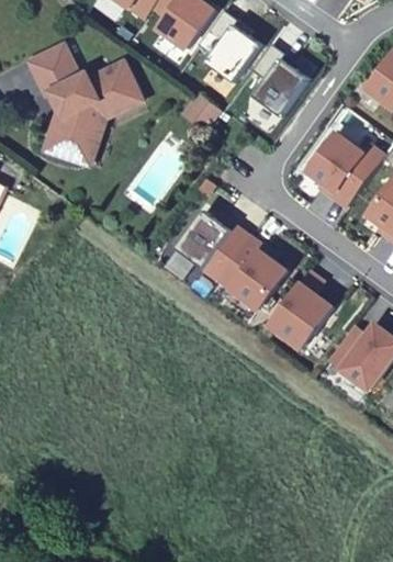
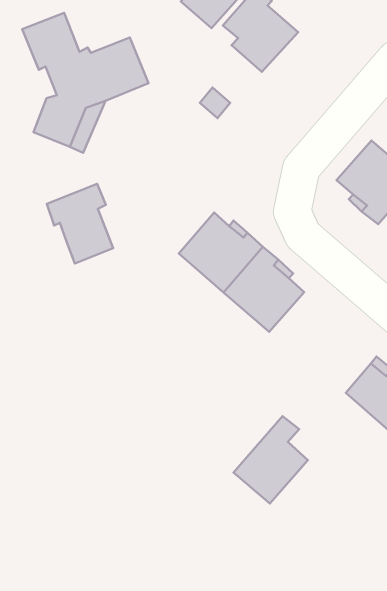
building: [251,43,311,116] -> none
building: none -> [47,184,113,263]
building: [271,268,335,345] -> [234,416,308,503]

